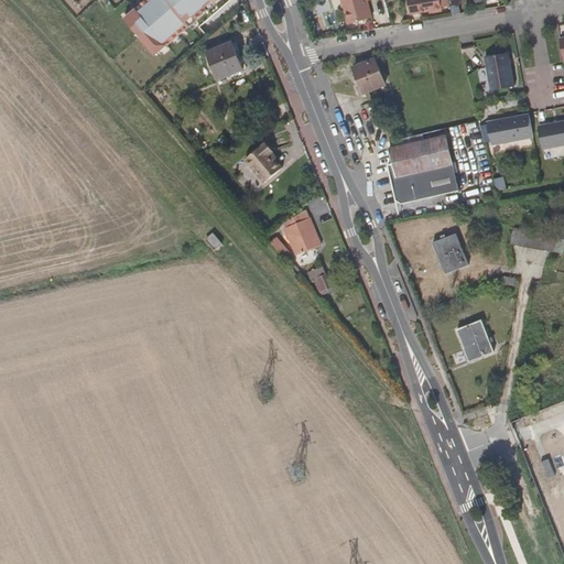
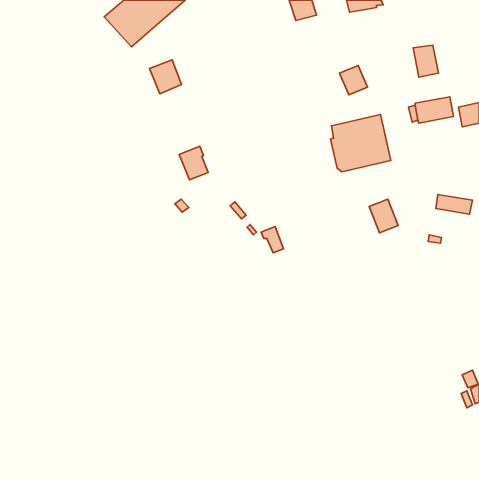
building: [205,41,242,80] -> [149,60,181,94]
building: [352,58,386,93] -> [339,66,368,95]
building: [243,141,278,181] -> [179,146,208,180]
building: [284,209,321,256] -> none
building: [456,319,494,361] -> none

